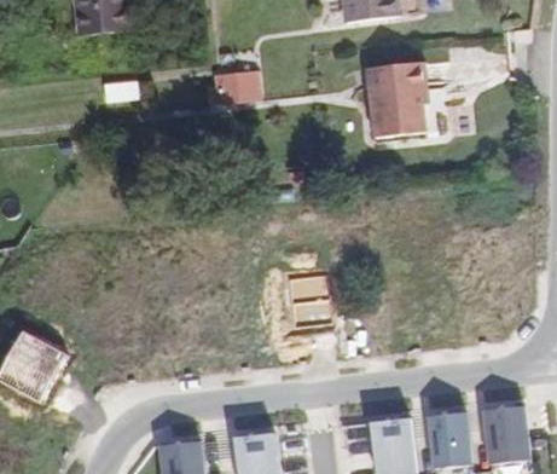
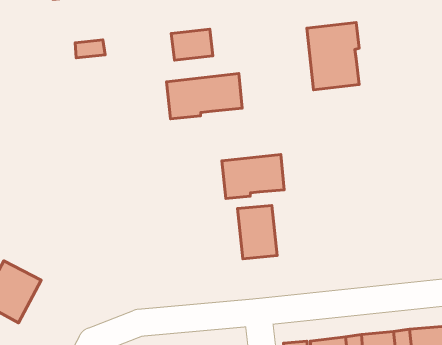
building: none -> [166,74,242,119]
building: none -> [222,154,284,199]

